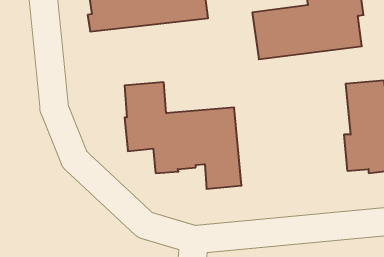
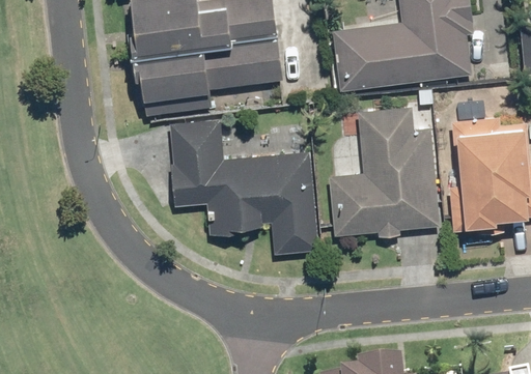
building: none -> [129,39,282,114]
building: none -> [329,106,440,235]

